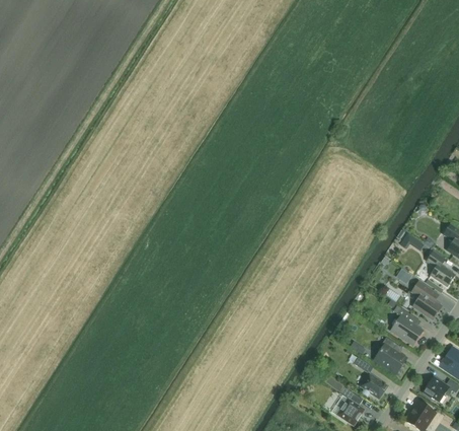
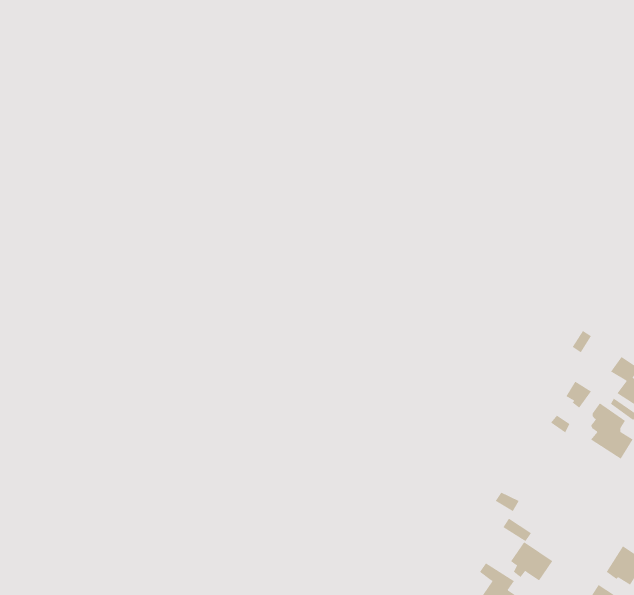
building: [391,305,423,344] -> none
building: [375,337,406,373] -> none

